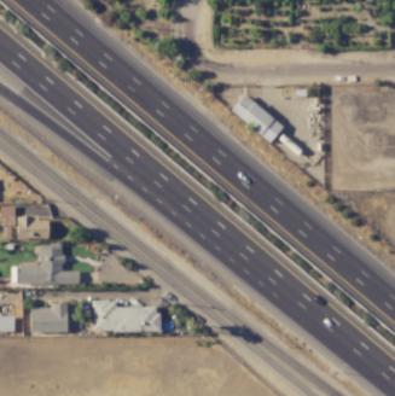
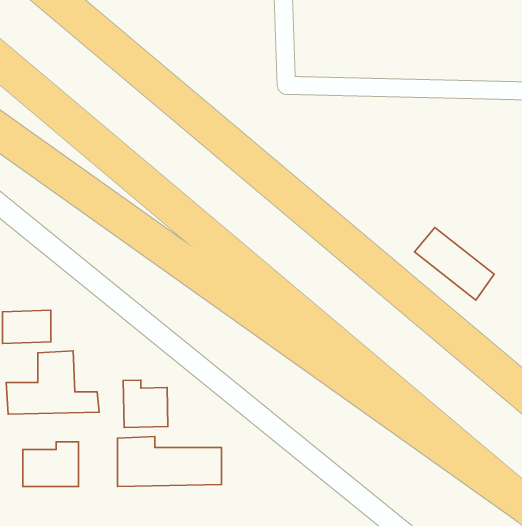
building: [232,95,284,142] -> [414,228,494,300]
building: none -> [123,380,168,428]

